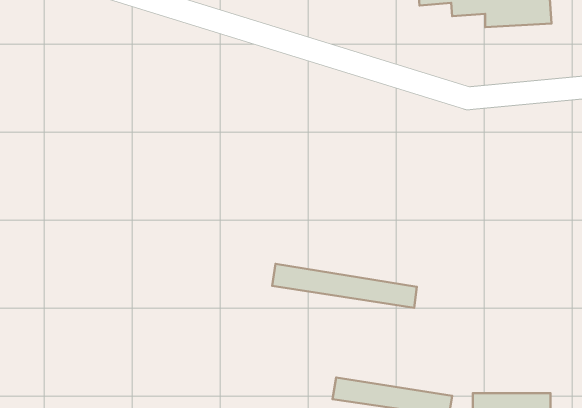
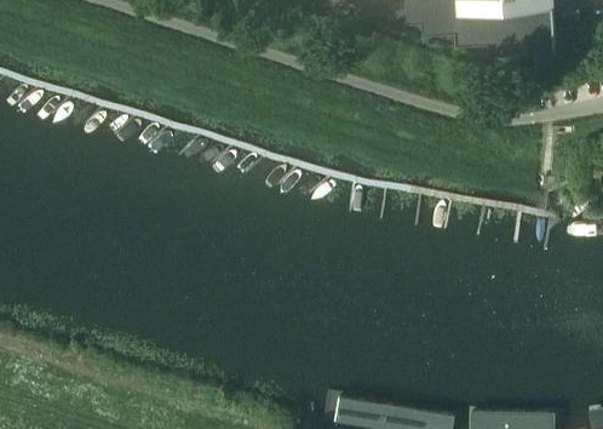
building: [272,264,417,308] -> none

